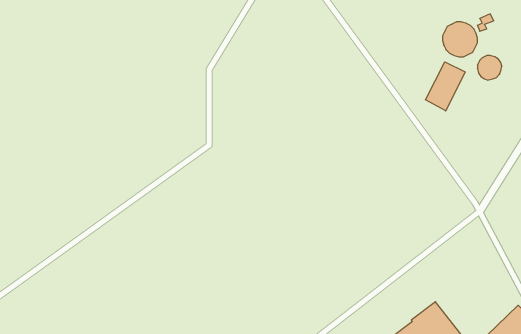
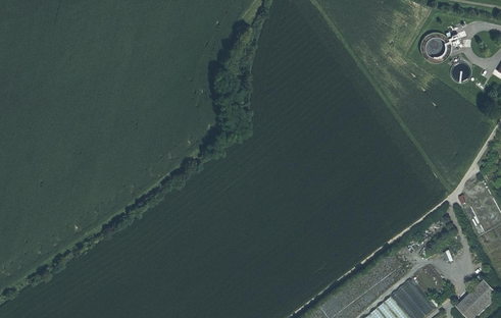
building: [425,62,465,111] -> none

